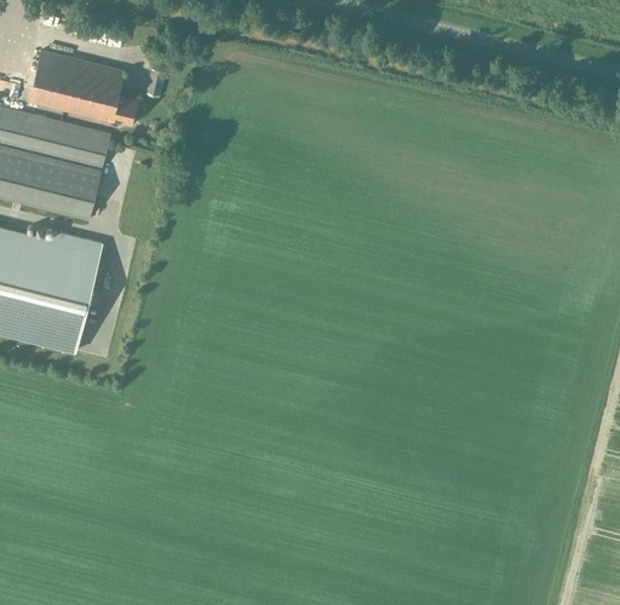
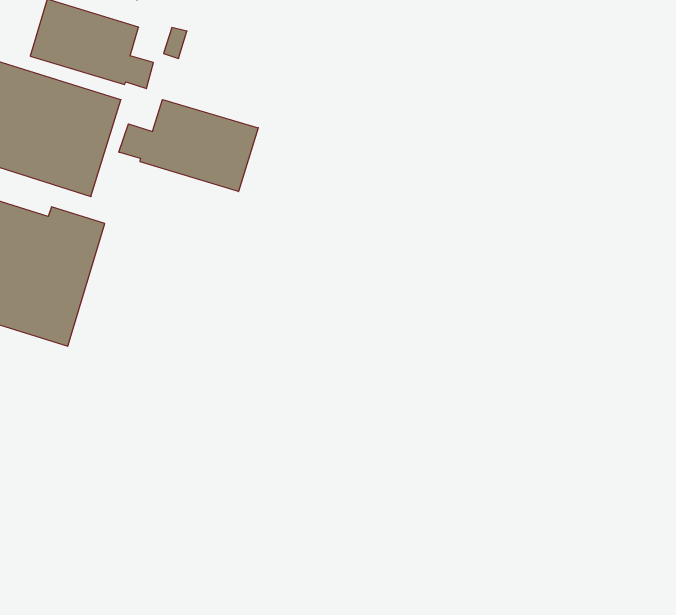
building: none -> [119,100,258,192]

